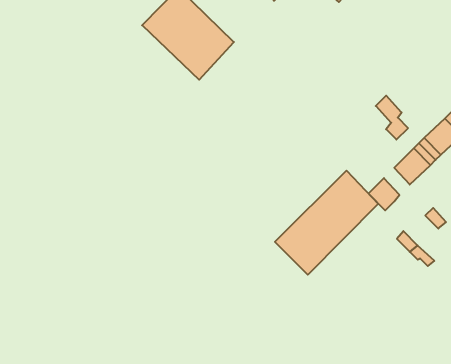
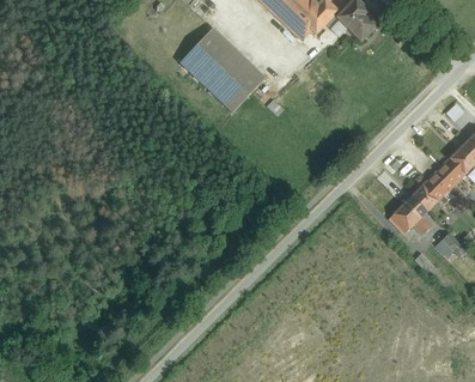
building: [376,96,408,140] -> [402,193,432,234]
building: [275,171,378,275] -> none

